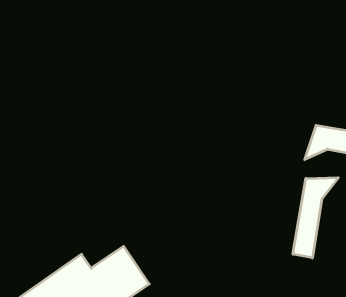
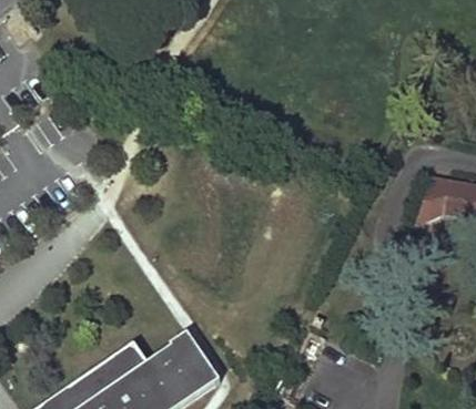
building: [293,178,338,258] -> none

